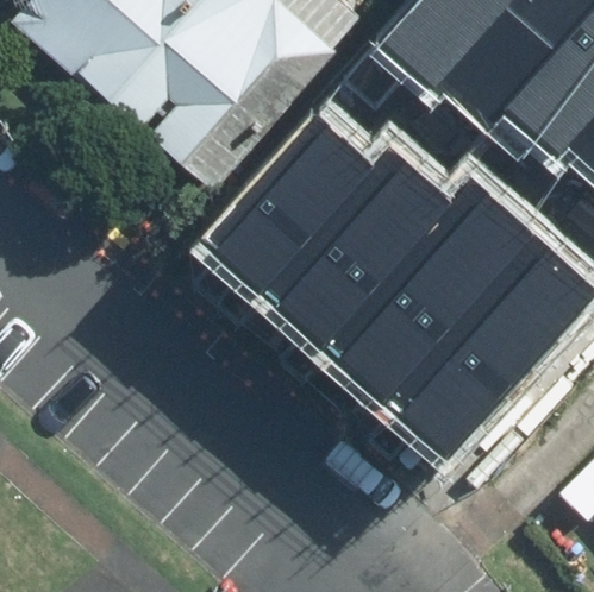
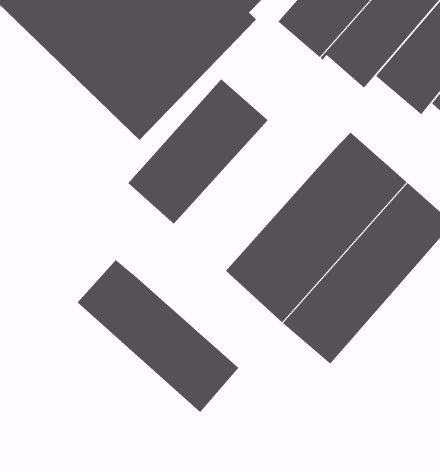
building: [250,147,443,348] -> none
building: none -> [77,259,239,413]

